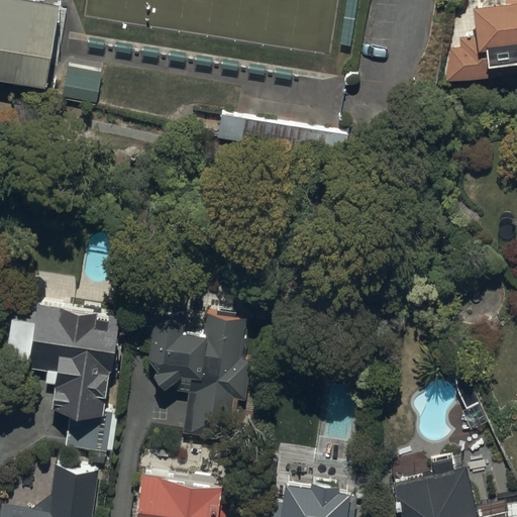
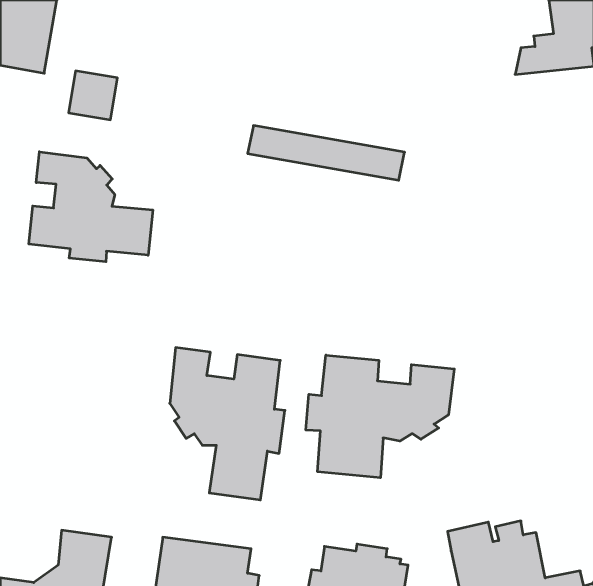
building: none -> [29,152,153,262]
building: [7,303,120,468] -> none
building: none -> [306,355,454,478]

